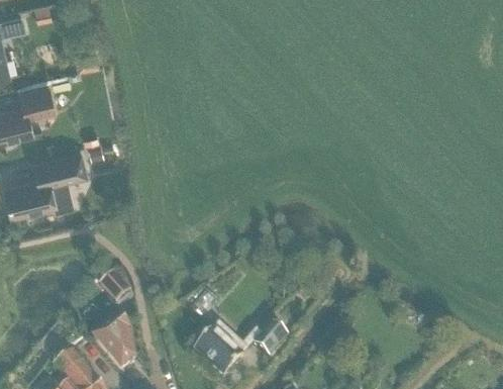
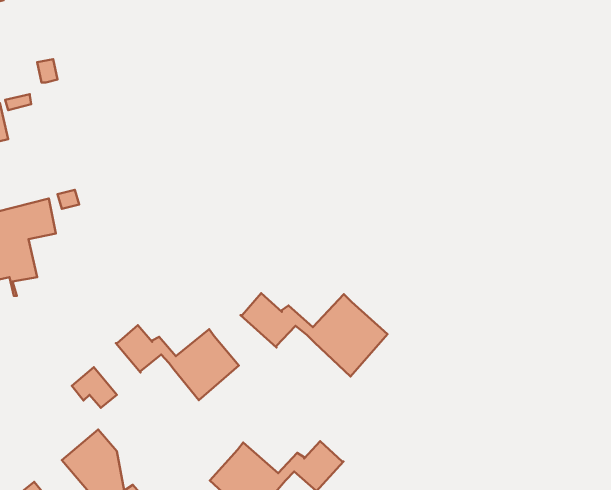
building: none -> [241,293,387,377]
building: none -> [116,325,239,400]

